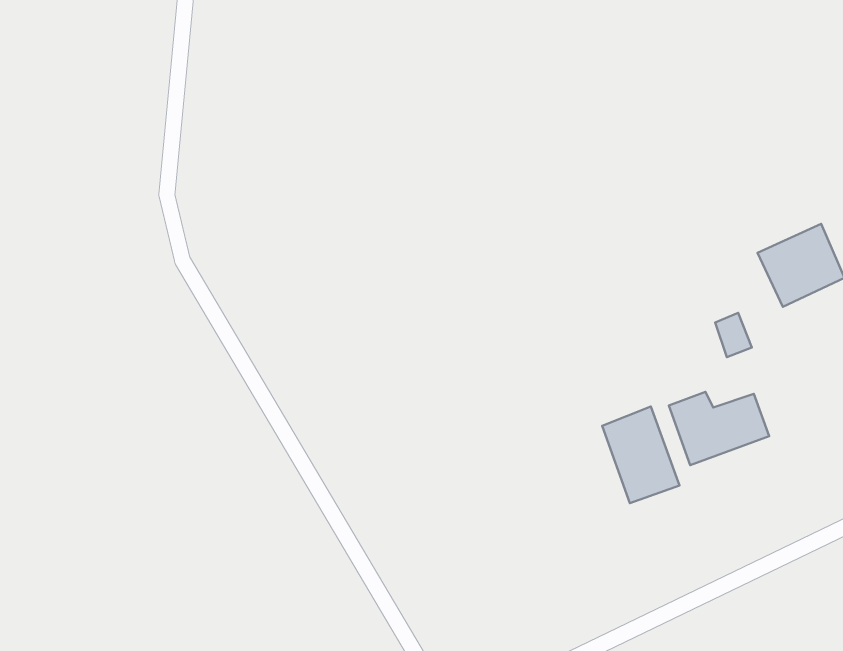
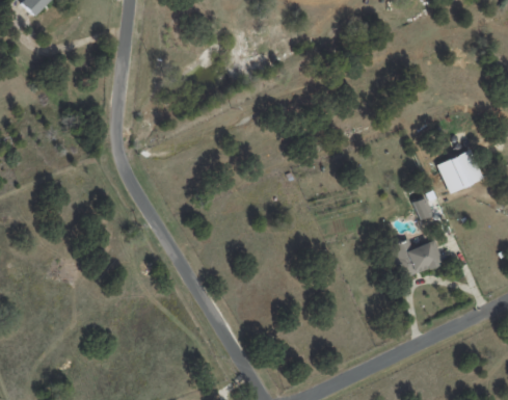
building: [602,407,680,503] -> none

